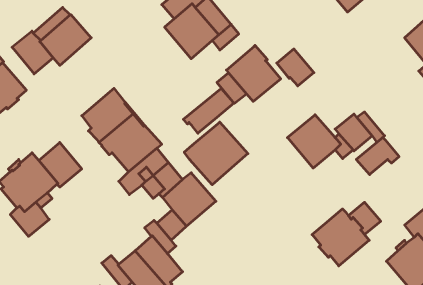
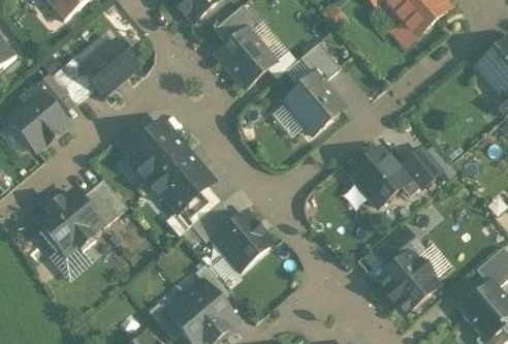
building: [277,49,314,86] -> [299,41,340,82]
building: [183,88,234,133] -> none
building: [184,122,248,185] -> none
building: [356,137,399,175] -> [375,226,421,267]

